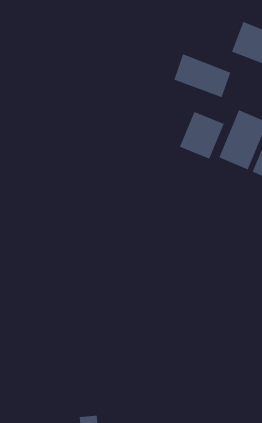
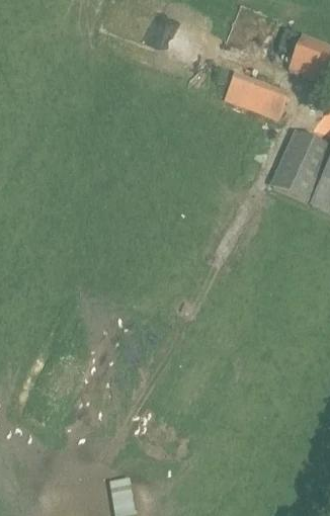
building: [179,111,224,160] -> none

